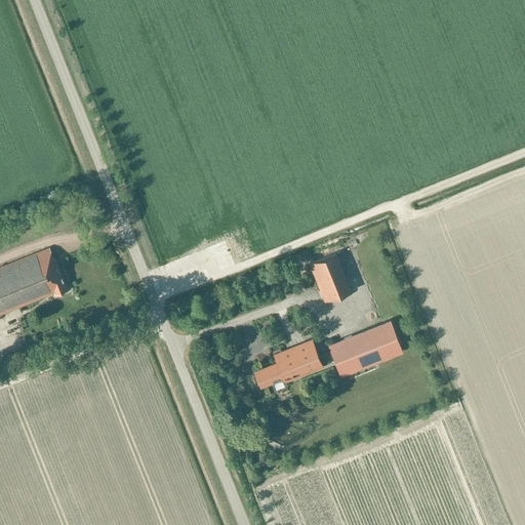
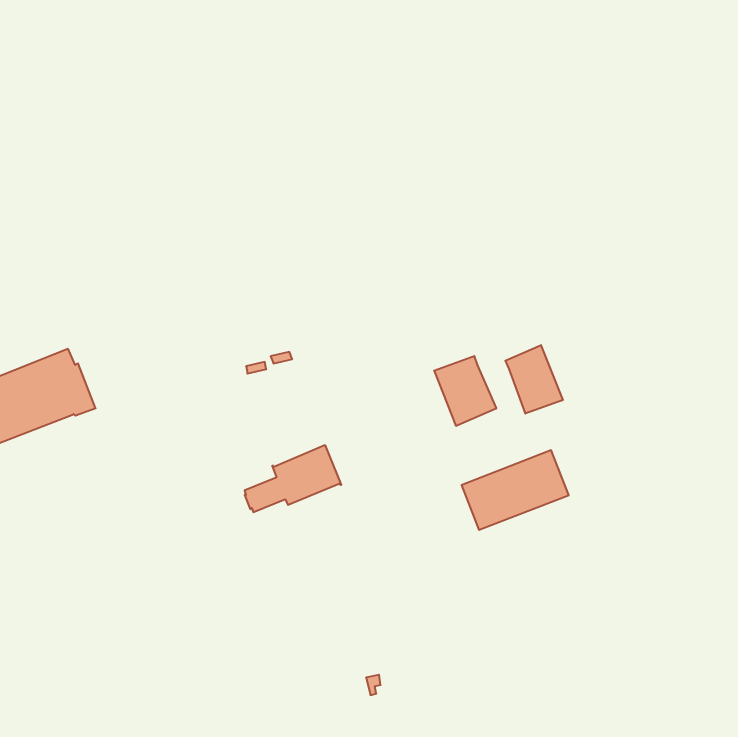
building: none -> [505,345,563,414]
building: [253,341,322,389] -> [245,446,341,512]

